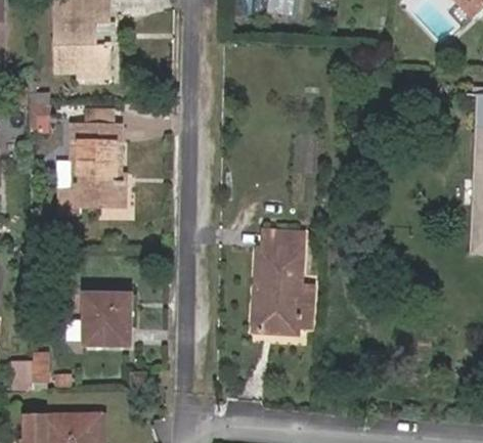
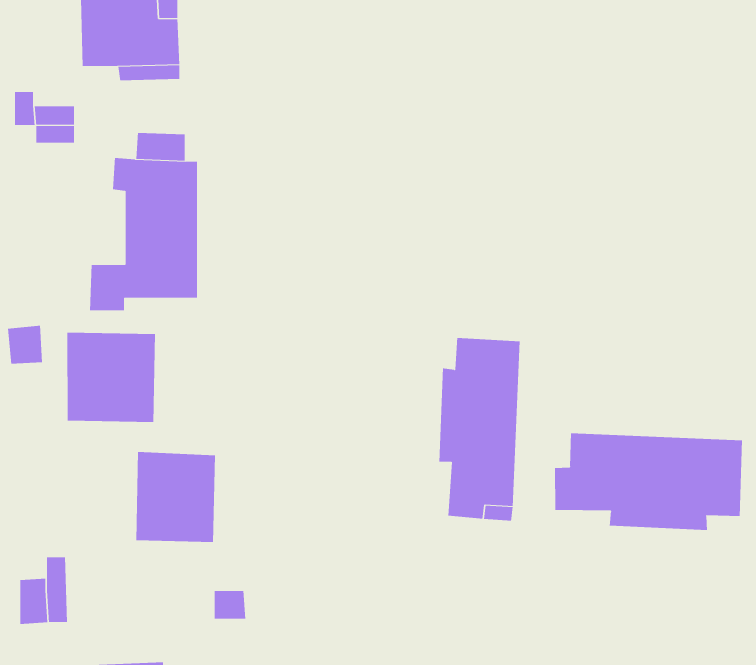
building: none -> [67,332,156,423]
building: none -> [555,432,743,531]

